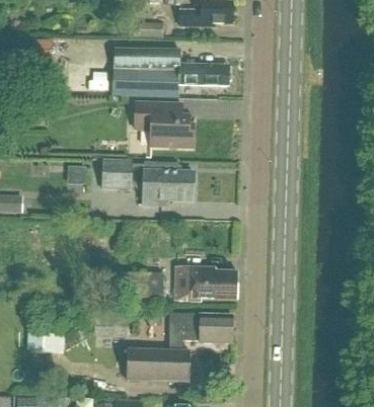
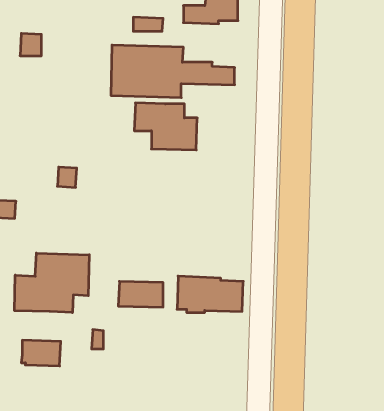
building: [101,159,194,204] -> none
building: none -> [15,253,89,313]
building: [126,313,231,381] -> none

